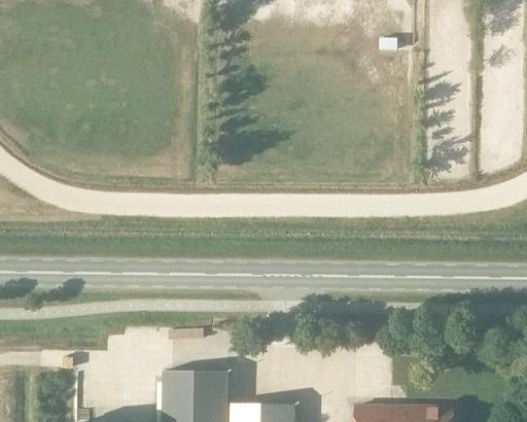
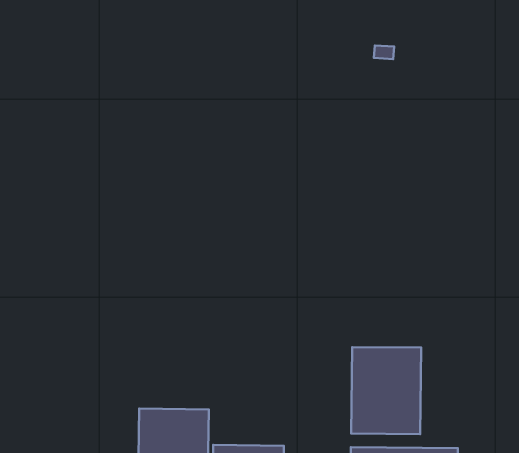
building: none -> [351,347,421,434]

